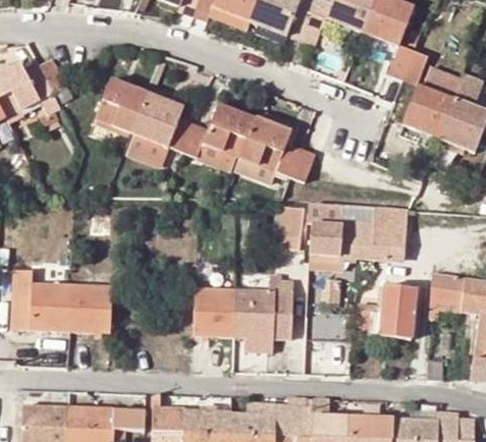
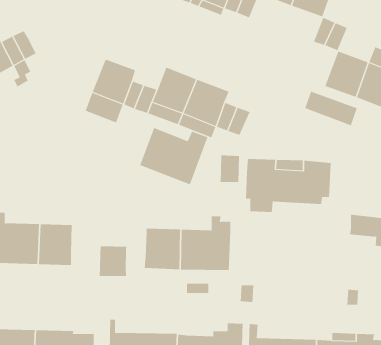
building: [97,79,148,132] -> none
building: none -> [305,91,358,126]
building: none -> [139,127,208,185]
building: [359,286,416,338] -> none
building: none -> [99,245,127,277]

